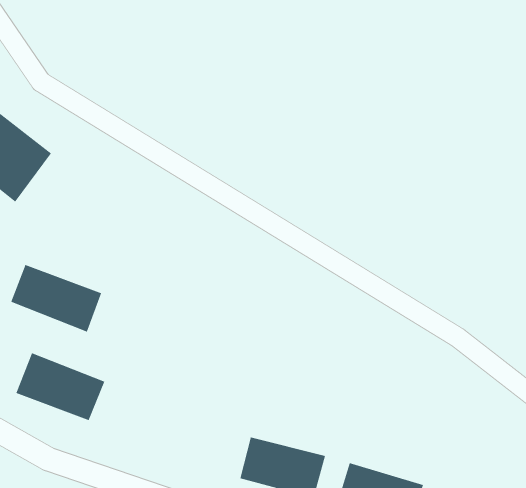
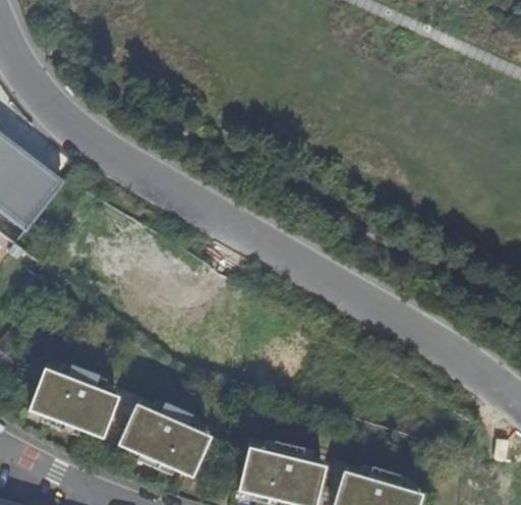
building: [10,264,102,332] -> none
building: none -> [120,407,205,474]

